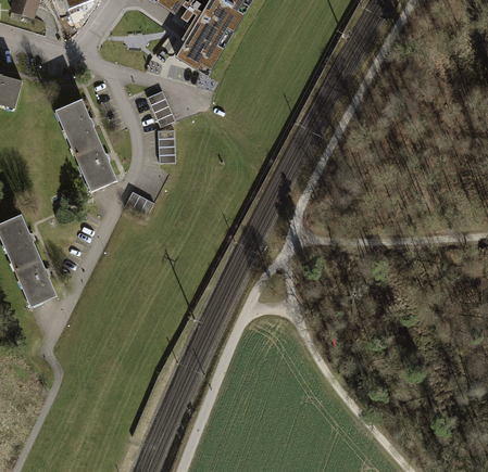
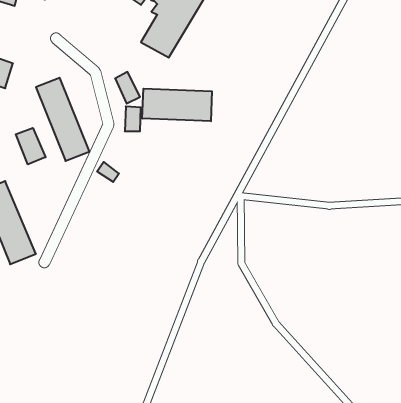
building: none -> [142,89,212,121]
building: none -> [16,128,46,164]

